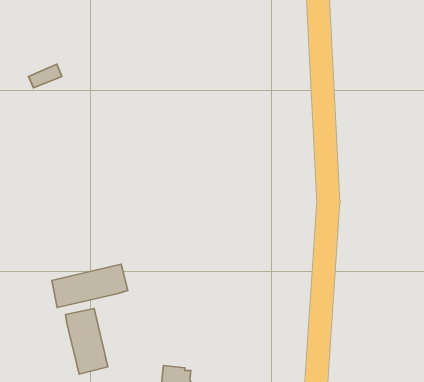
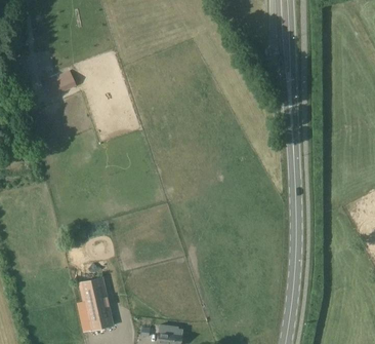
building: [52,264,128,307] -> none

